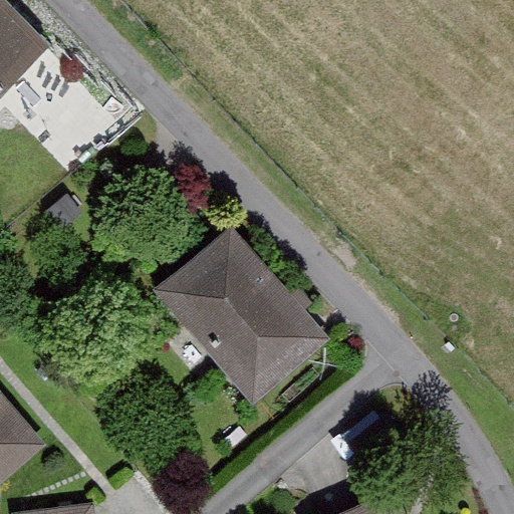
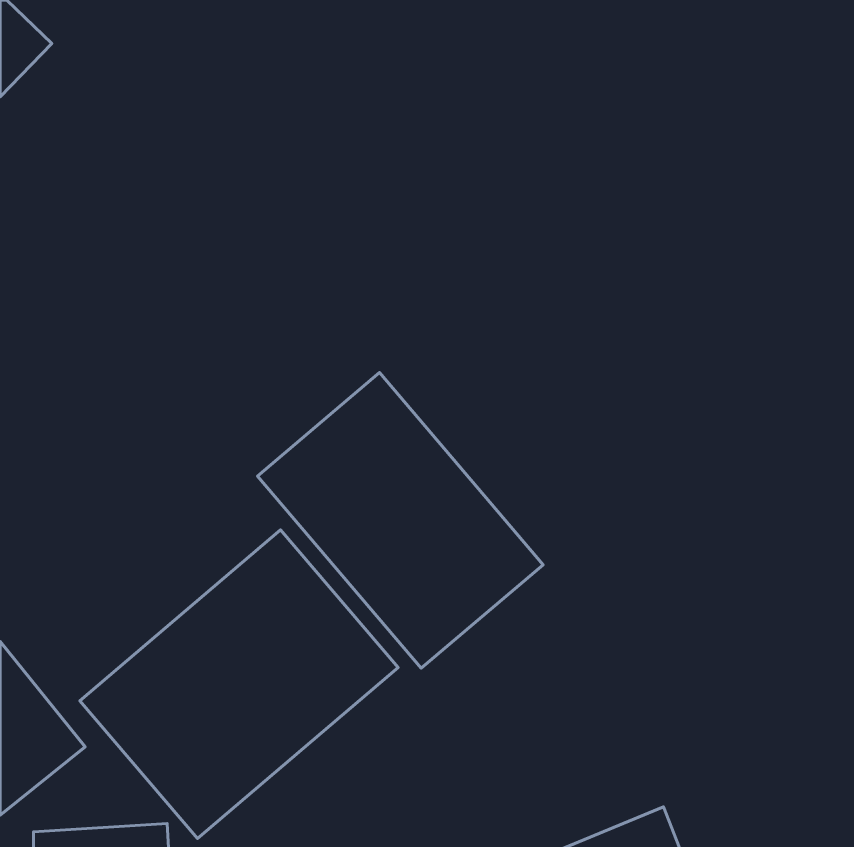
building: none -> [80,530,398,838]

